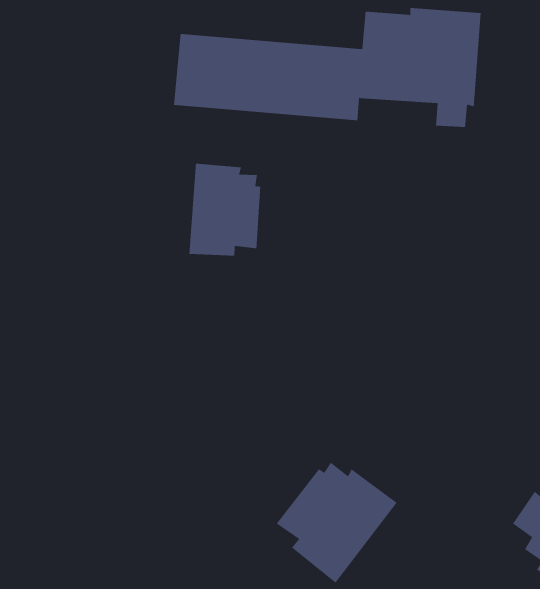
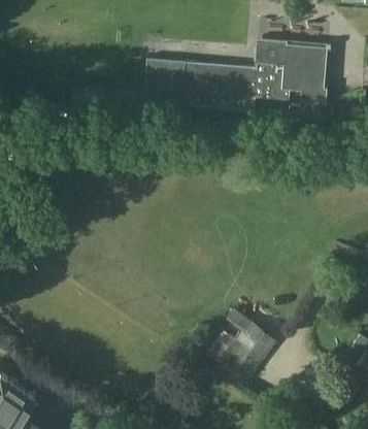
building: [189,163,261,256] -> none

